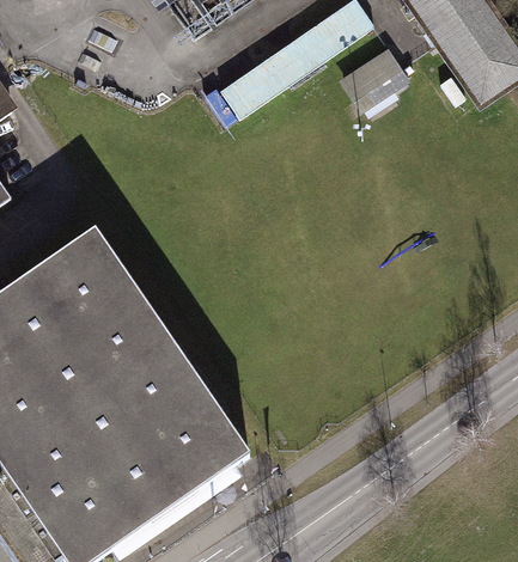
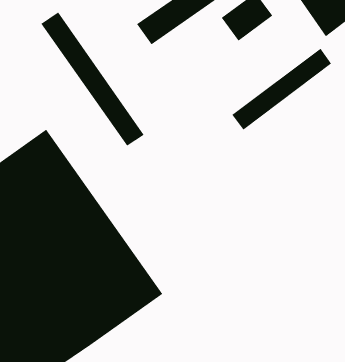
building: none -> [40,11,145,146]
building: none -> [232,48,332,131]

